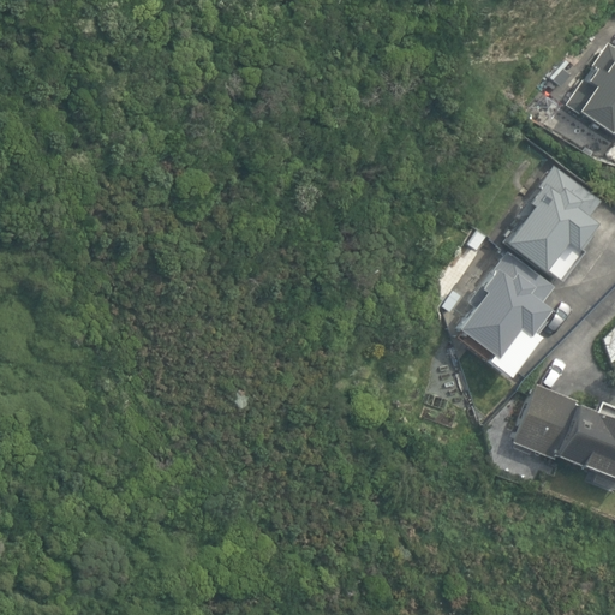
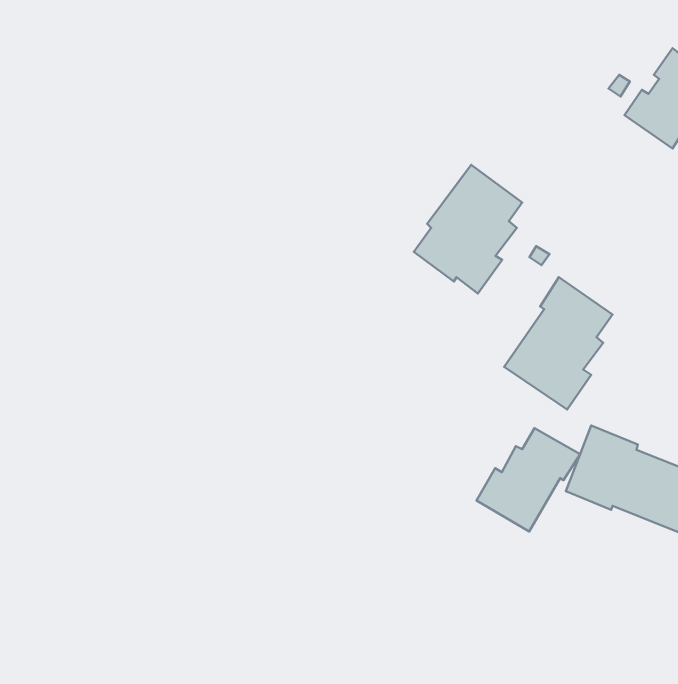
building: [503,166,601,281] -> [414,165,522,293]
building: none -> [476,428,580,532]

